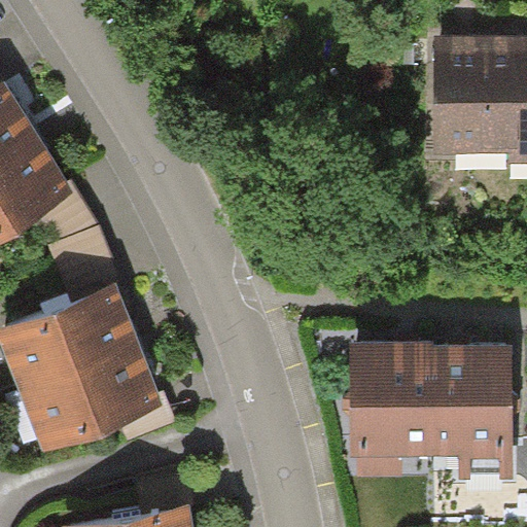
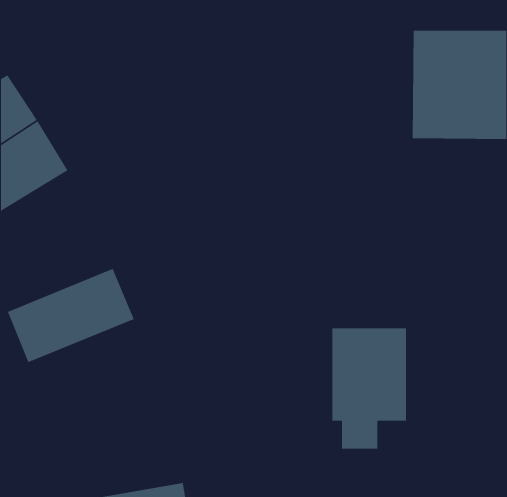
building: [29,342,163,443] -> none
building: [422,350,497,472] -> none

